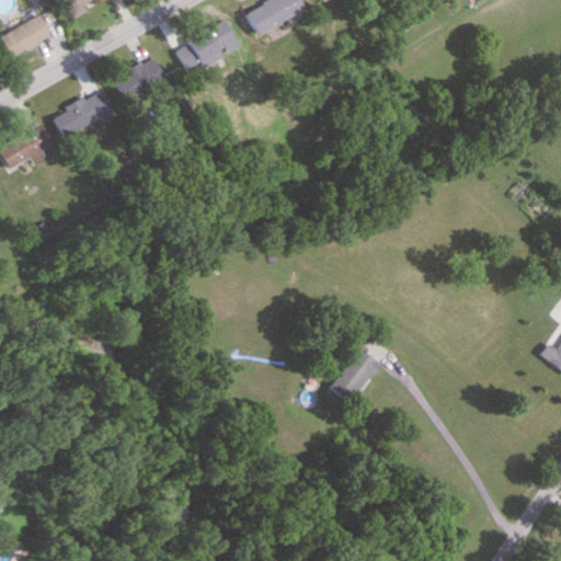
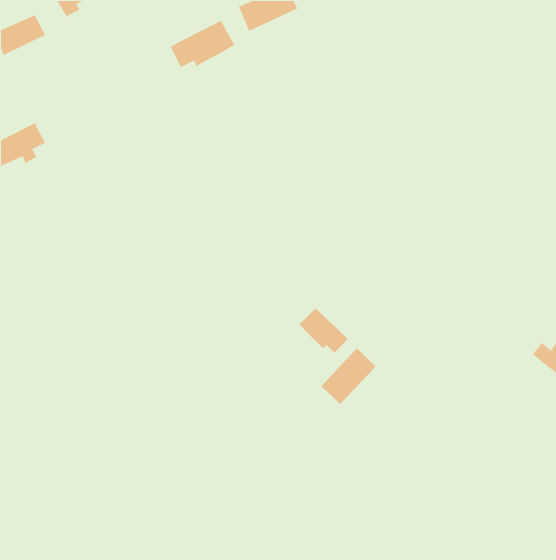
building: [112,57,167,103] -> none
building: [51,91,115,137] -> none
building: none -> [299,308,349,354]

